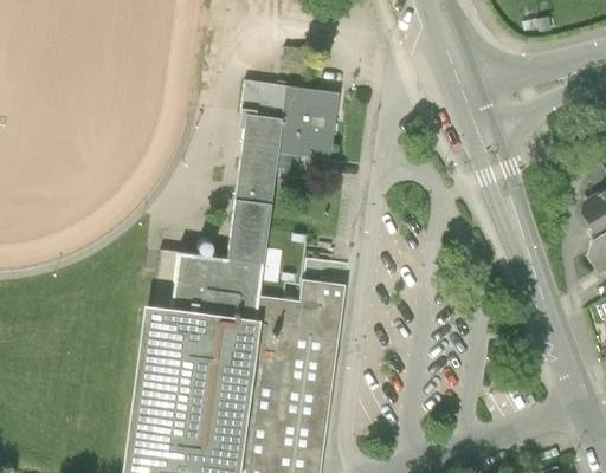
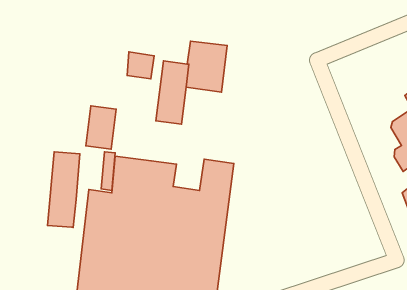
building: [247,83,286,122] -> [127,52,154,79]
building: [230,203,273,266] -> [86,106,116,149]
building: none -> [48,152,80,228]

